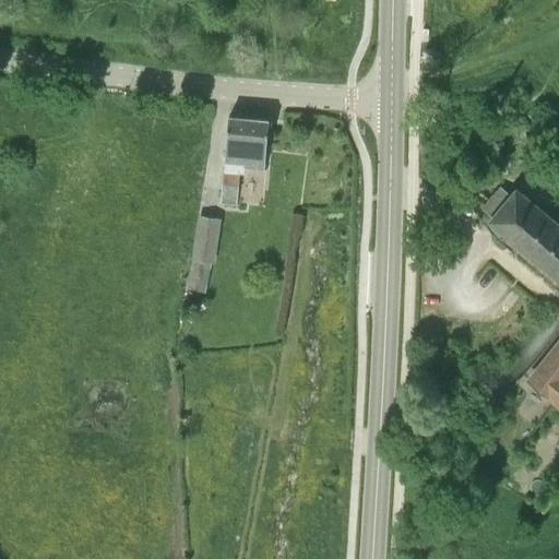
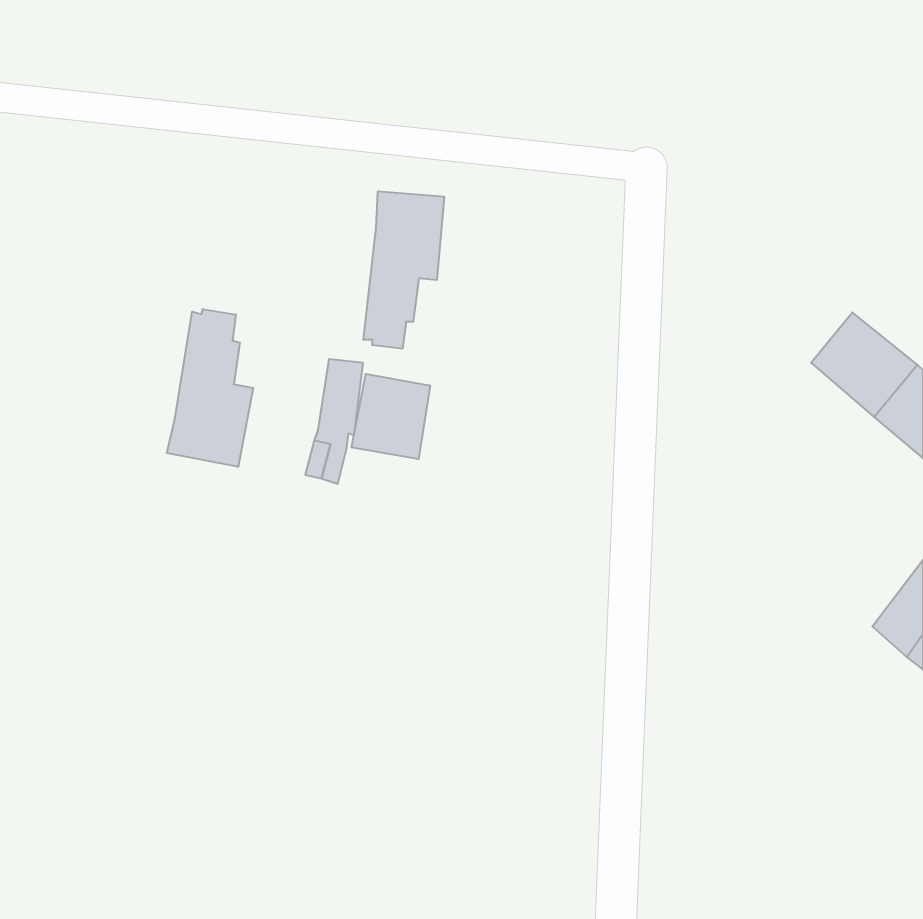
building: none -> [167,309,253,467]
building: none -> [352,374,430,459]

